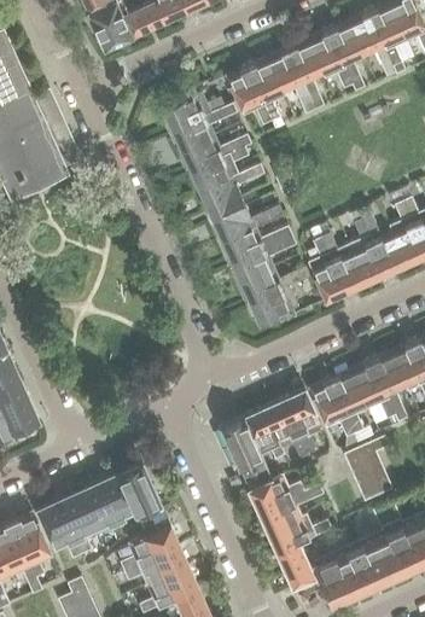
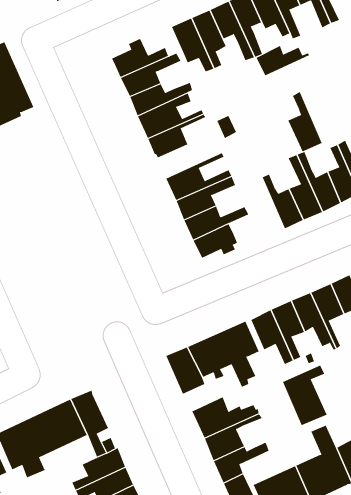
building: none -> [256,45,310,76]
building: [212,203,281,239] -> none
building: [310,238,348,303] -> [288,91,323,152]

